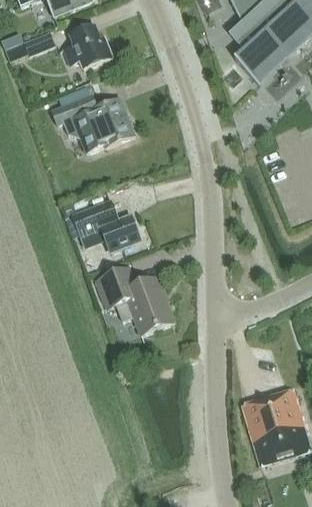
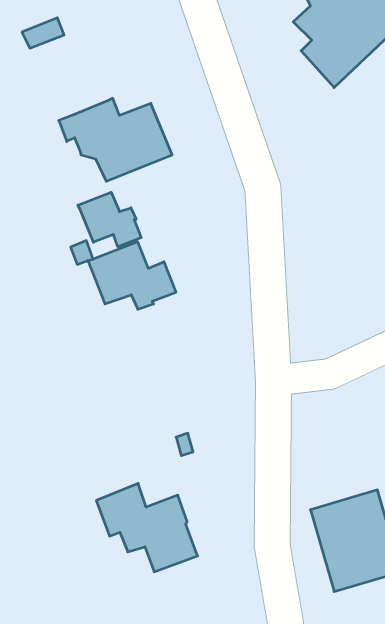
building: [63,25,112,68] -> none
building: none -> [78,192,141,247]
building: [96,266,173,333] -> [96,483,198,572]

